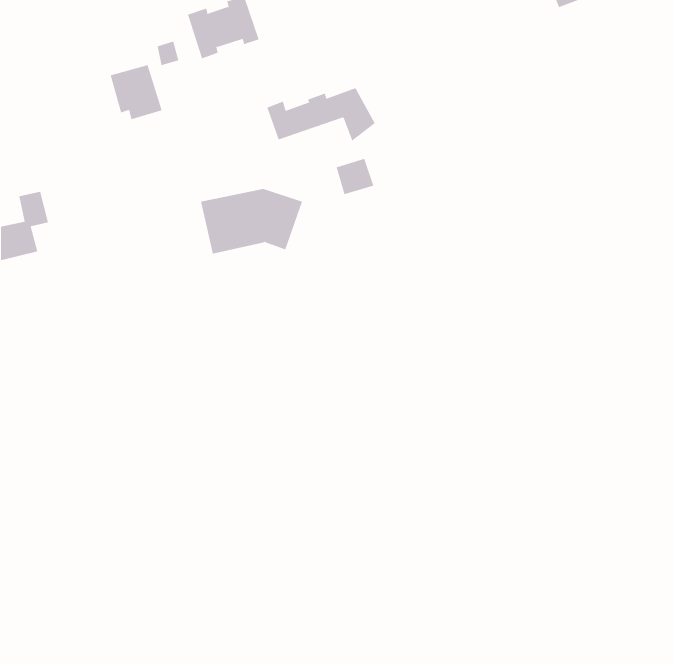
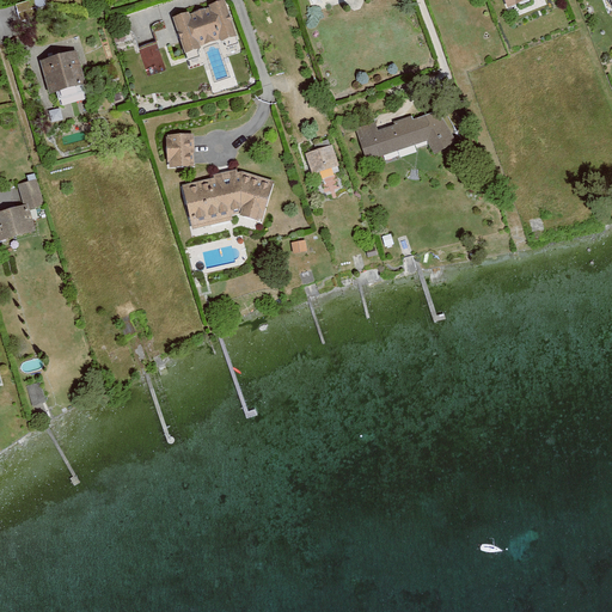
building: [110,64,163,120] -> [39,50,87,100]
building: [266,88,376,142] -> [359,111,458,160]
building: none -> [165,131,192,167]

